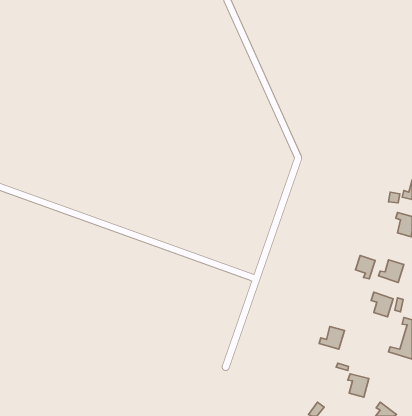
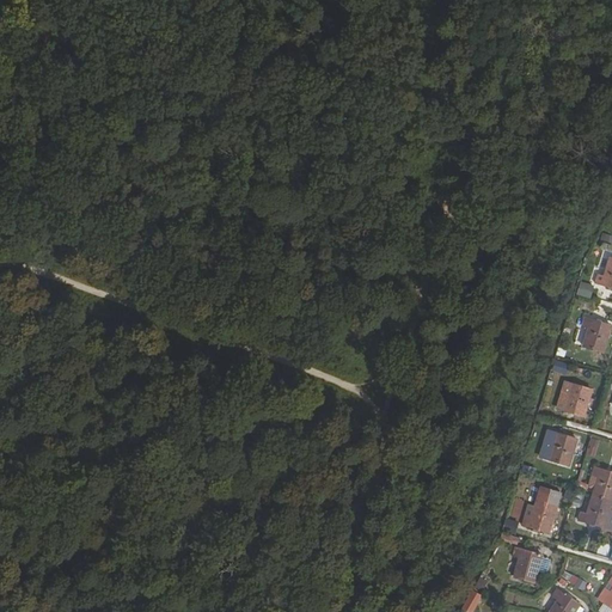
building: [355,255,375,279] -> none
building: [319,327,344,349] -> [520,500,557,533]

